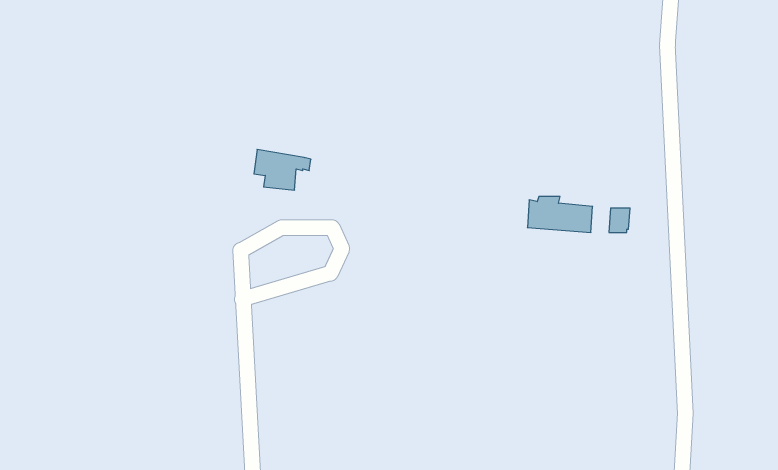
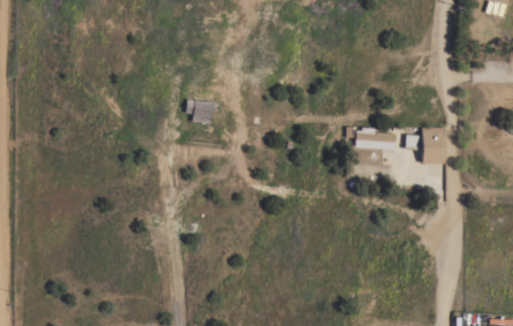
building: none -> [423,127,445,164]

